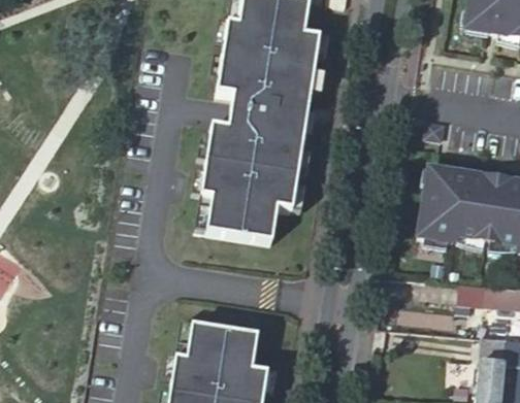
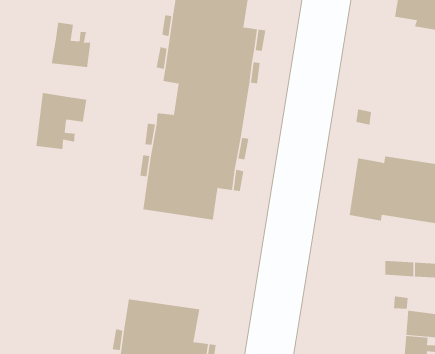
building: none -> [51,22,91,68]
building: none -> [36,92,87,150]

